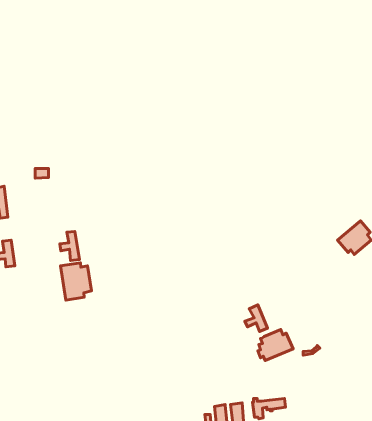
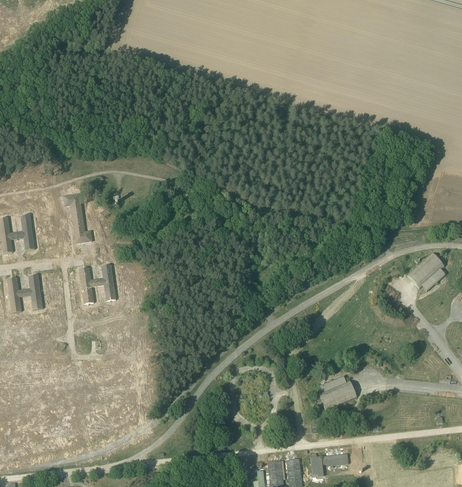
building: [60,263,92,300] -> none
building: [245,305,267,332] -> none

